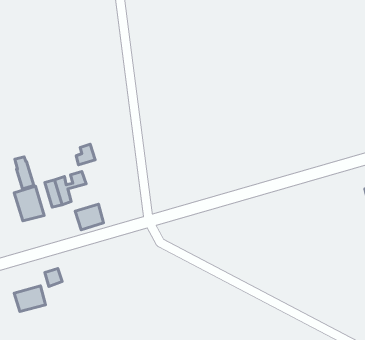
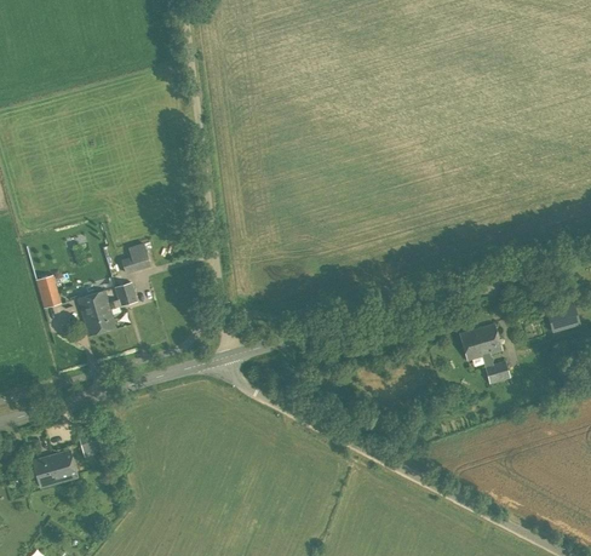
building: [14,186,44,221] -> none
building: none -> [459,322,509,383]
building: [75,204,103,230] -> none

